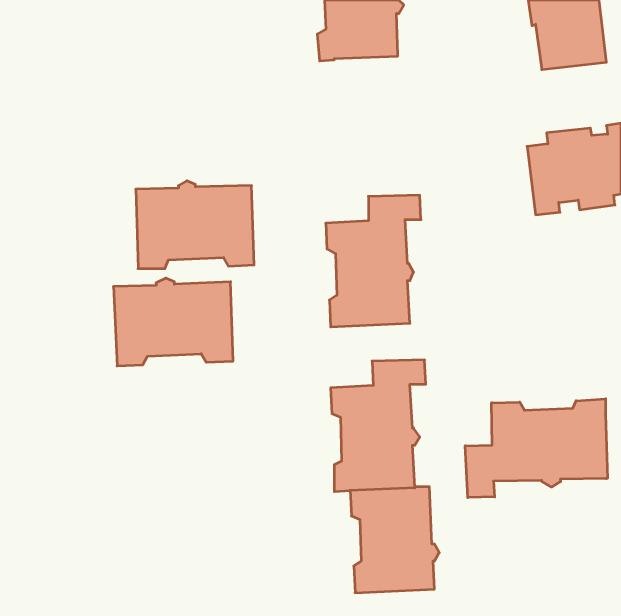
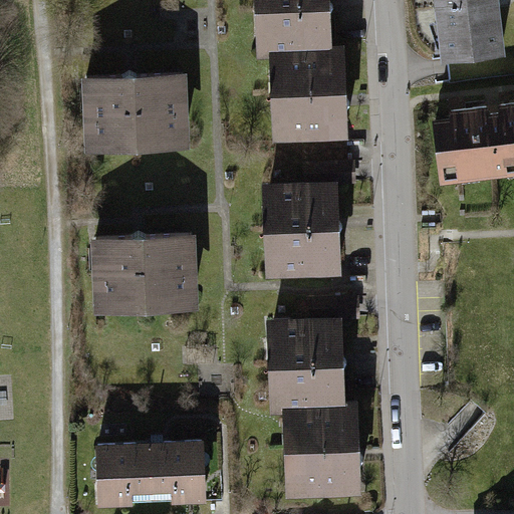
building: none -> [275,51,348,140]
building: [136,181,254,269] -> [85,74,183,147]
building: [465,399,607,498] -> none
building: none -> [96,440,202,503]

